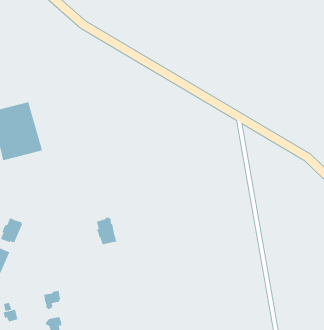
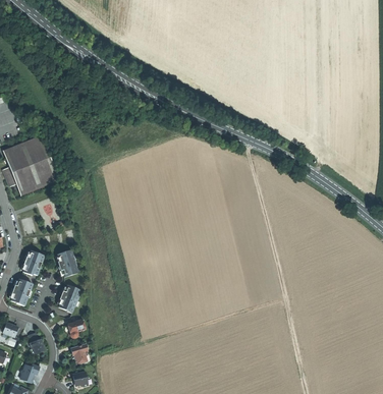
building: [96,217,117,245] -> [57,249,78,277]
building: none -> [58,285,80,313]

